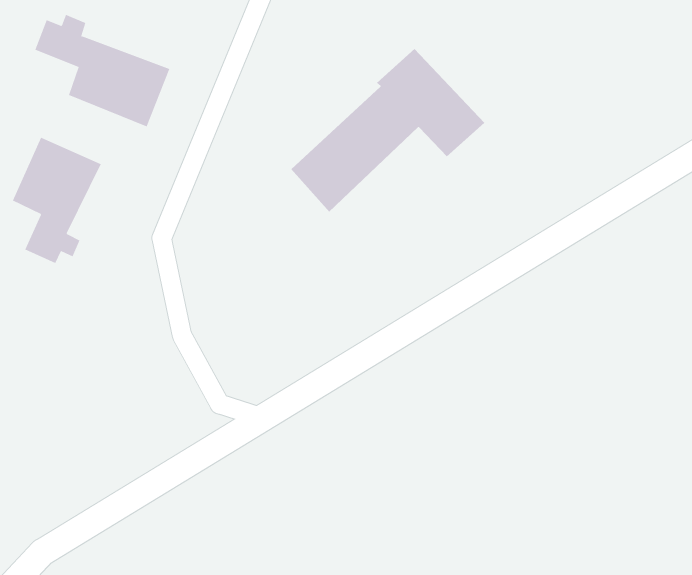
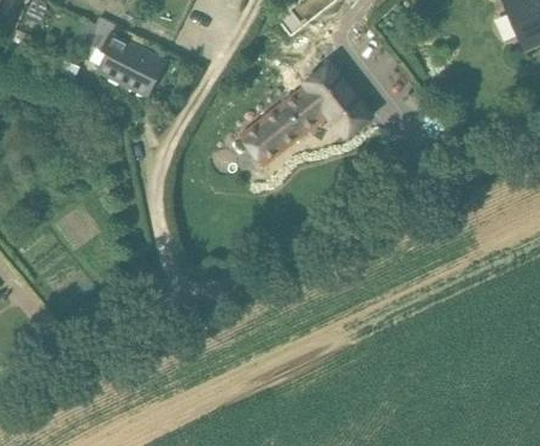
building: [12,137,102,264] -> none

